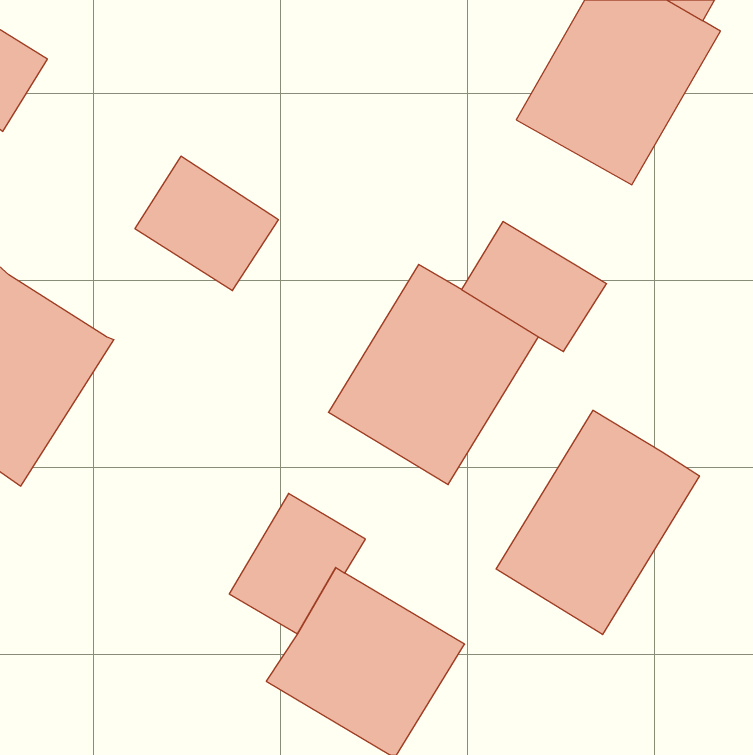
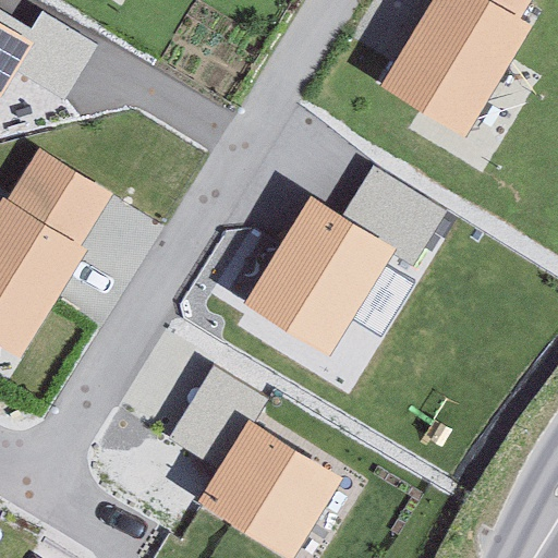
building: [135,156,278,291] -> [7,149,112,248]
building: [496,410,699,635] -> none

